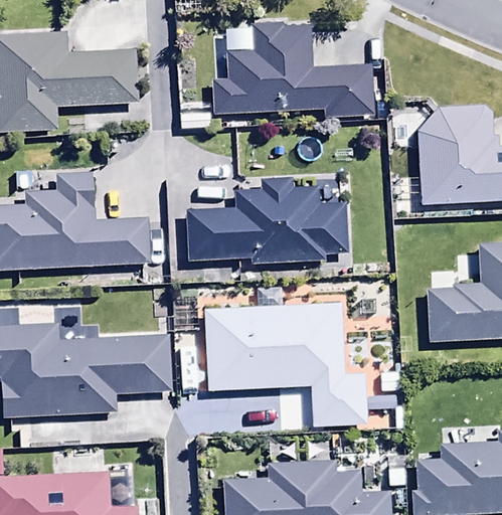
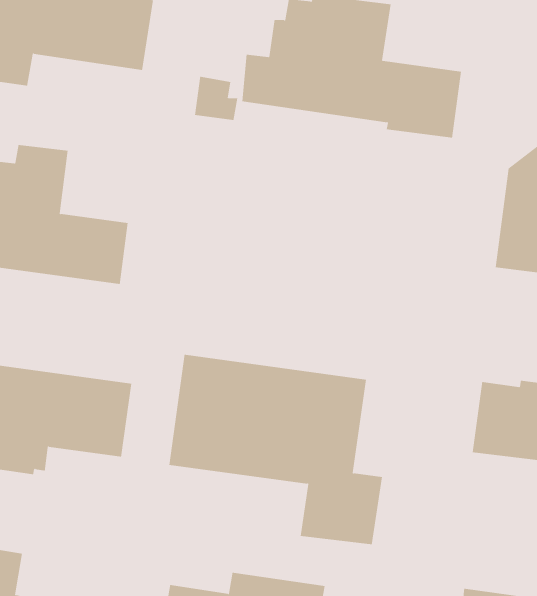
building: [186,177,349,263] -> none

